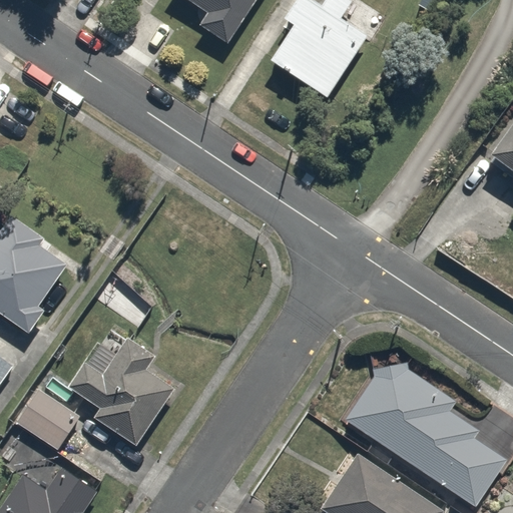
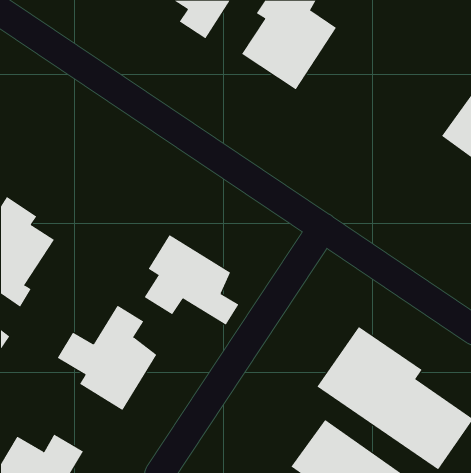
building: none -> [144,234,239,326]
building: [19,391,85,449] -> none

